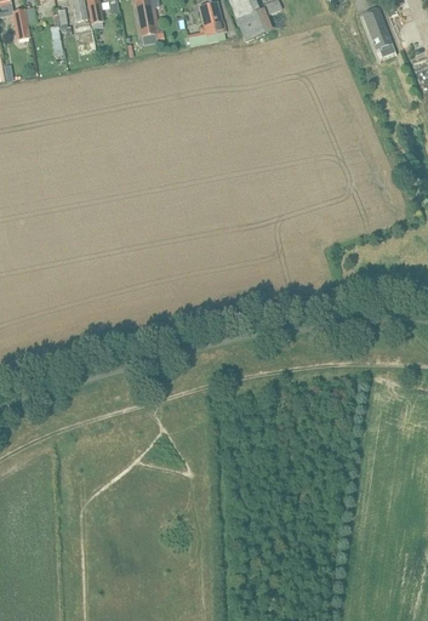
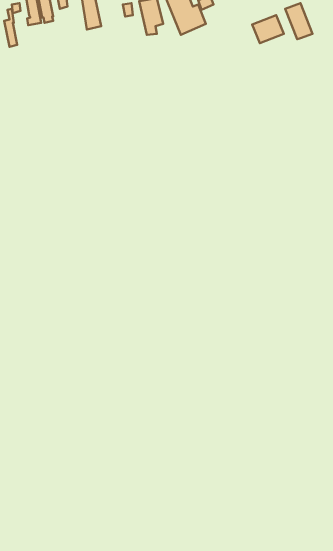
building: none -> [252,15,284,43]

